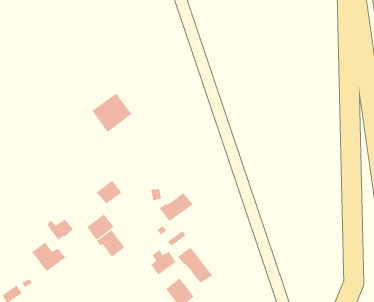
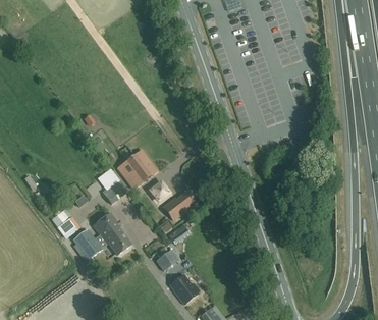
building: [91,93,132,133] -> [116,149,156,188]
building: [32,242,68,272] -> [72,227,108,257]
building: [177,247,213,284] -> none

